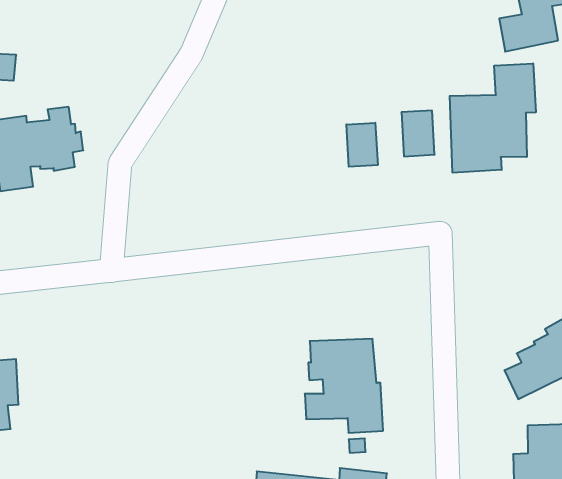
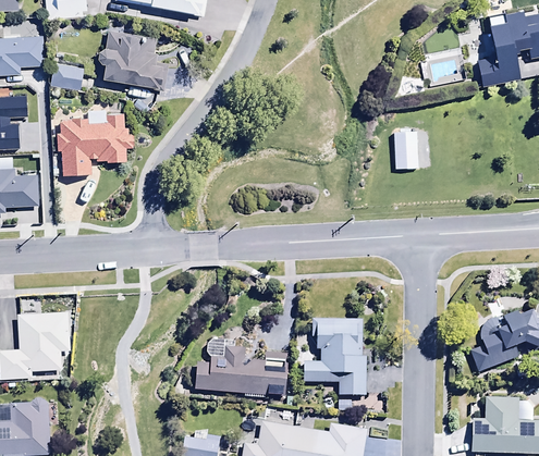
building: none -> [101,34,169,90]
building: [450,63,536,173] -> none
building: [346,123,378,167] -> none
building: none -> [194,336,285,392]

